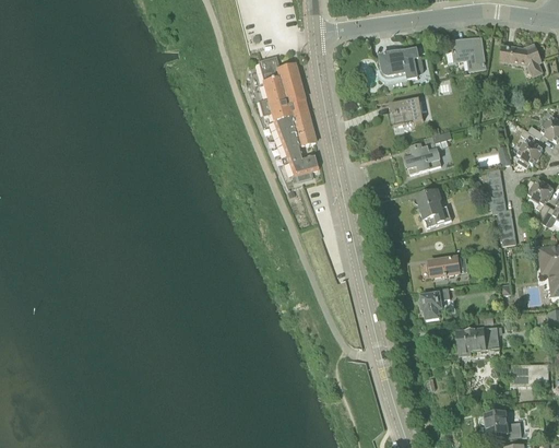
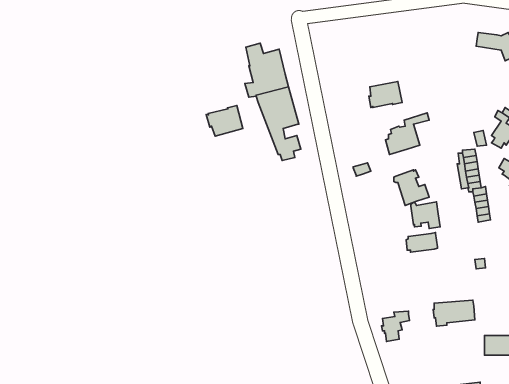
building: [447,37,486,71] -> none
building: [380,48,424,79] -> none
building: none -> [206,105,243,136]
building: none -> [411,202,440,229]
building: [420,287,450,319] -> [381,311,410,341]

